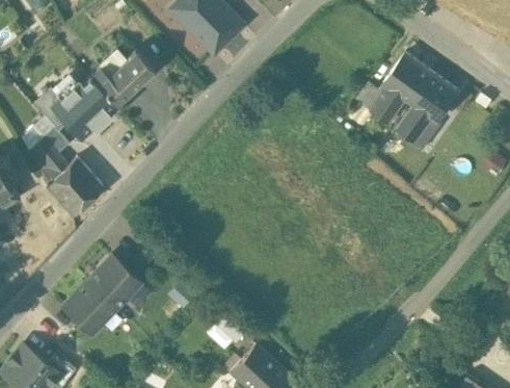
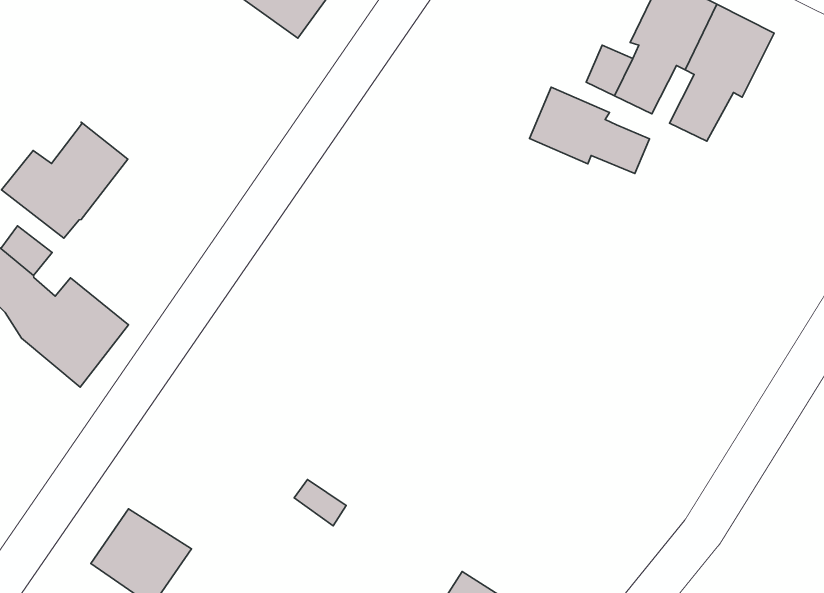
building: [86,49,153,103] -> none
building: none -> [530,87,650,174]
building: [86,256,139,308] -> none

